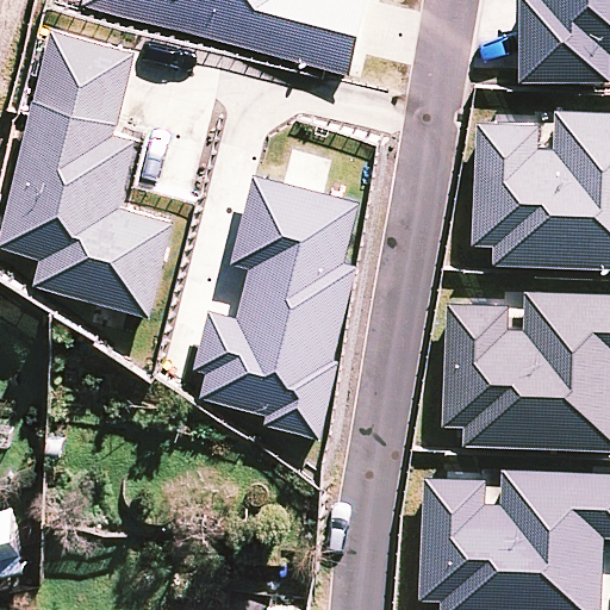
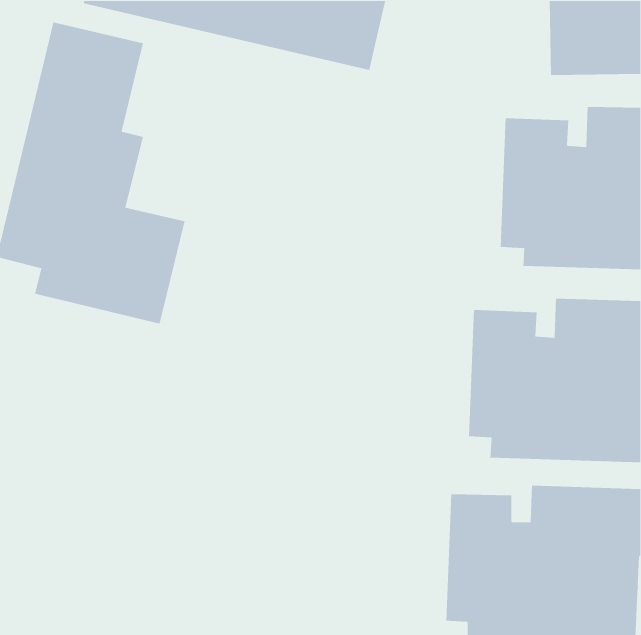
building: [193,172,360,434] -> none

